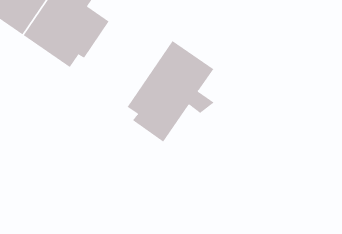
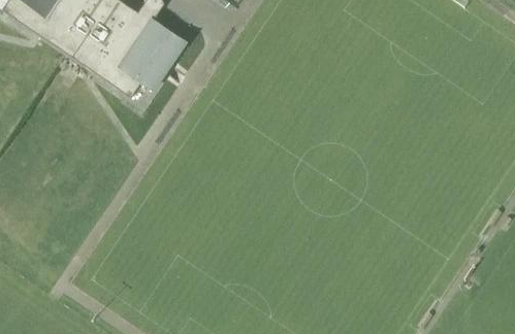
building: [127,40,215,142] -> none

